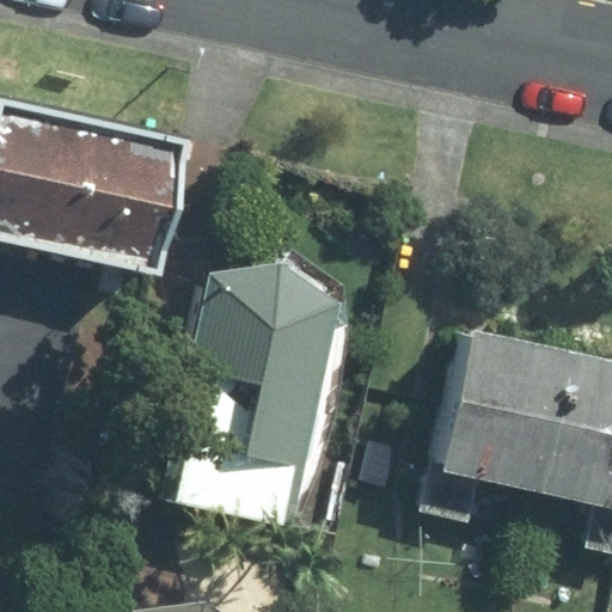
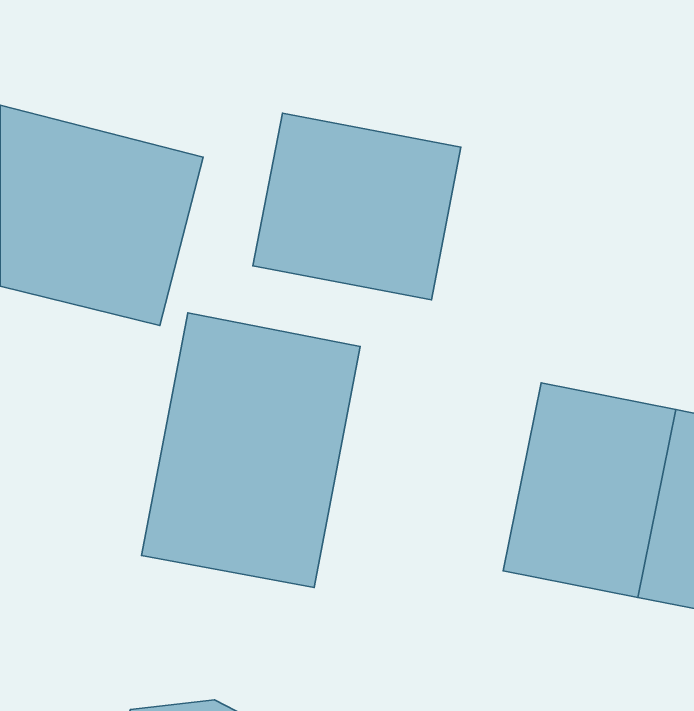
building: none -> [253,113,461,300]

